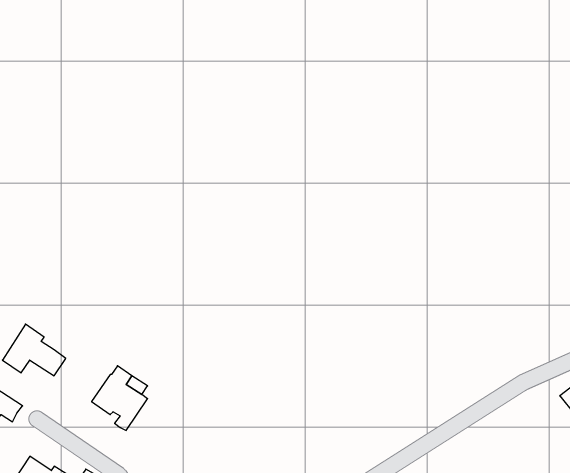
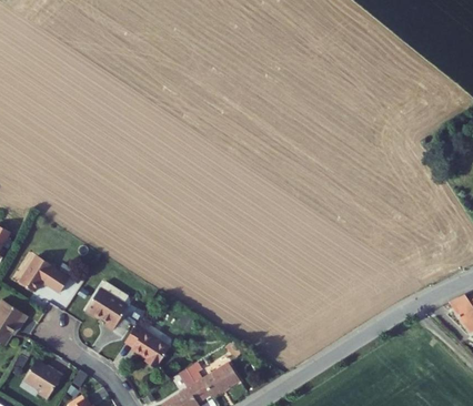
building: none -> [119,319,167,359]

